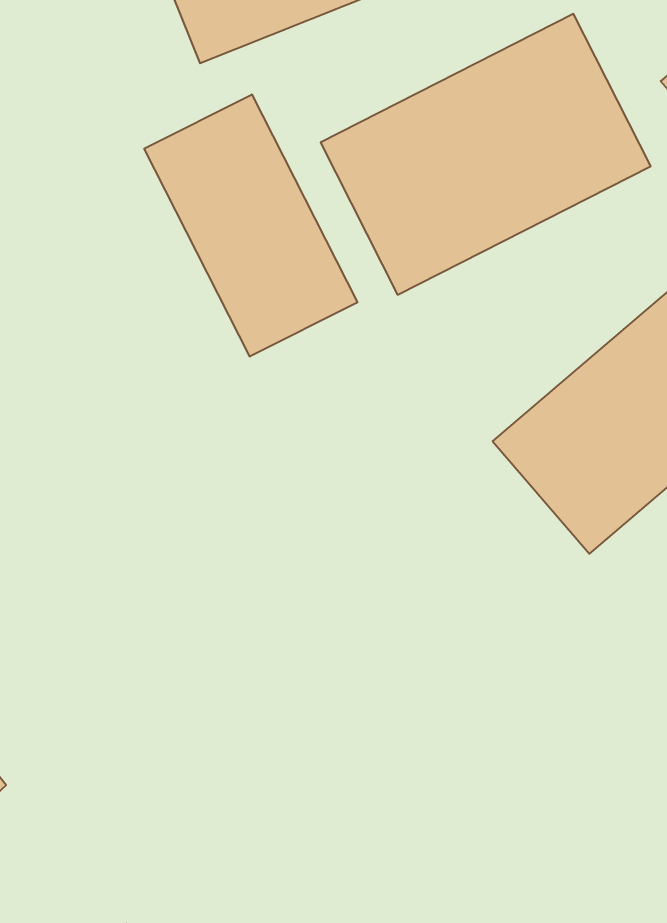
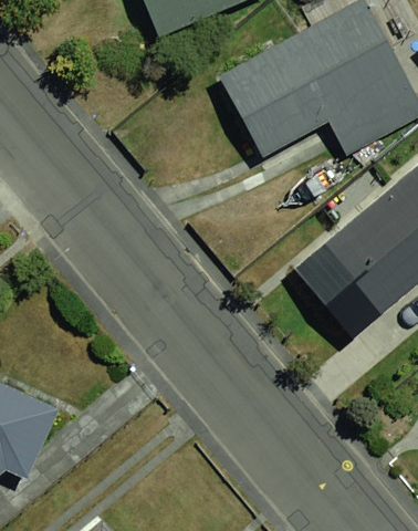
building: [144,94,357,357] -> none

